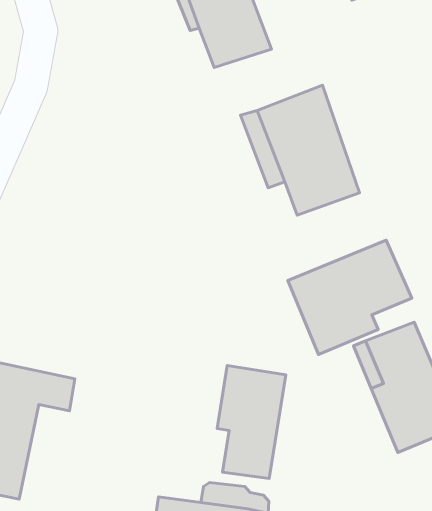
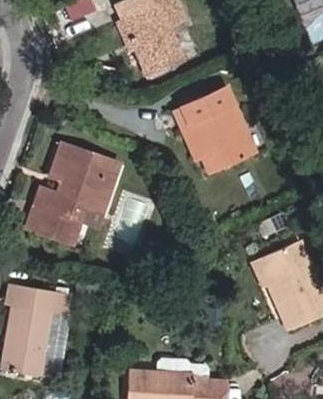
building: none -> [26,141,120,239]
building: [288,240,412,354] -> none
building: [217,366,286,478] -> none

